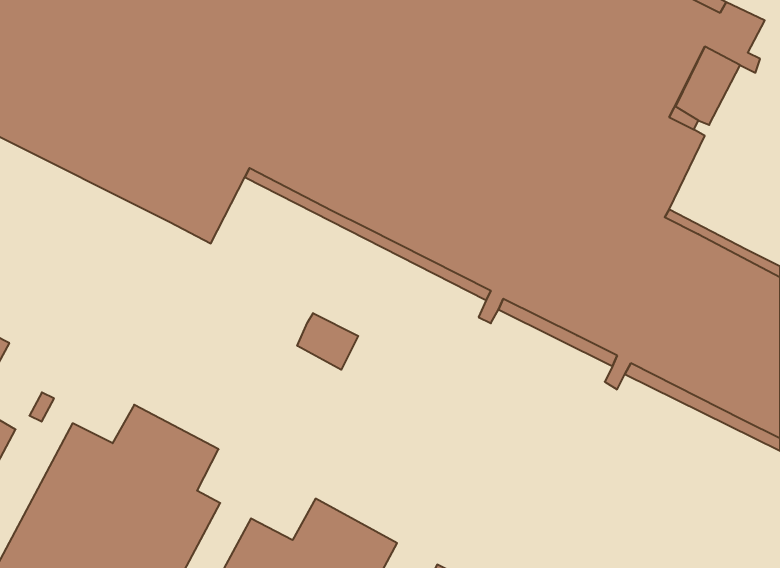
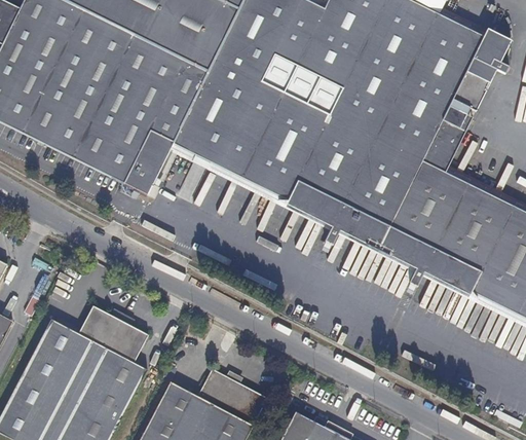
building: [297,313,358,370] -> none

